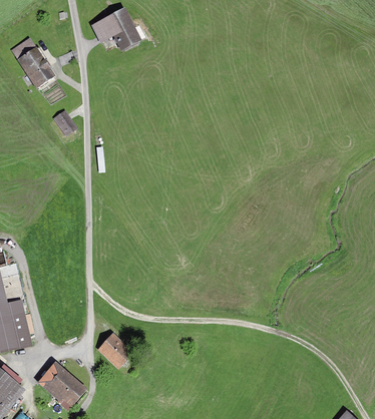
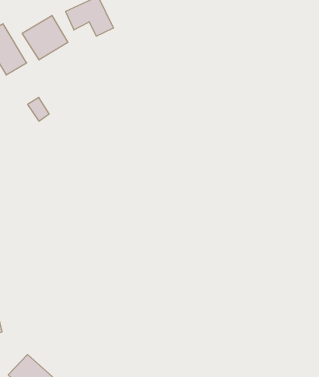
building: none -> [22,15,68,60]
building: [97,332,133,369] -> none

